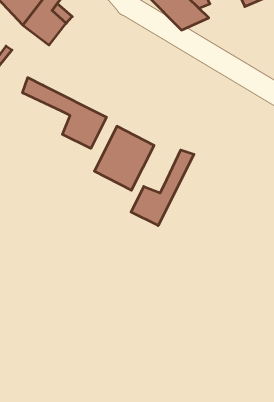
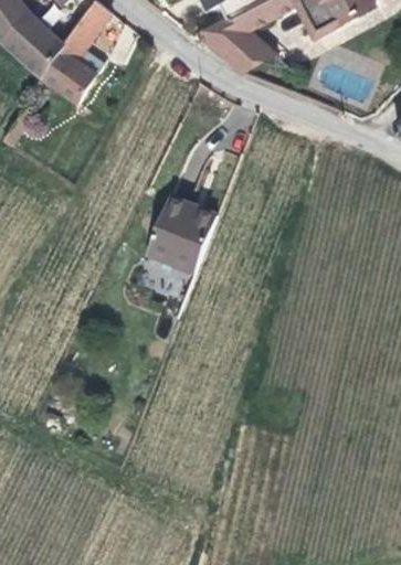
building: [23,78,106,148] -> none
building: [131,150,194,226] -> none

